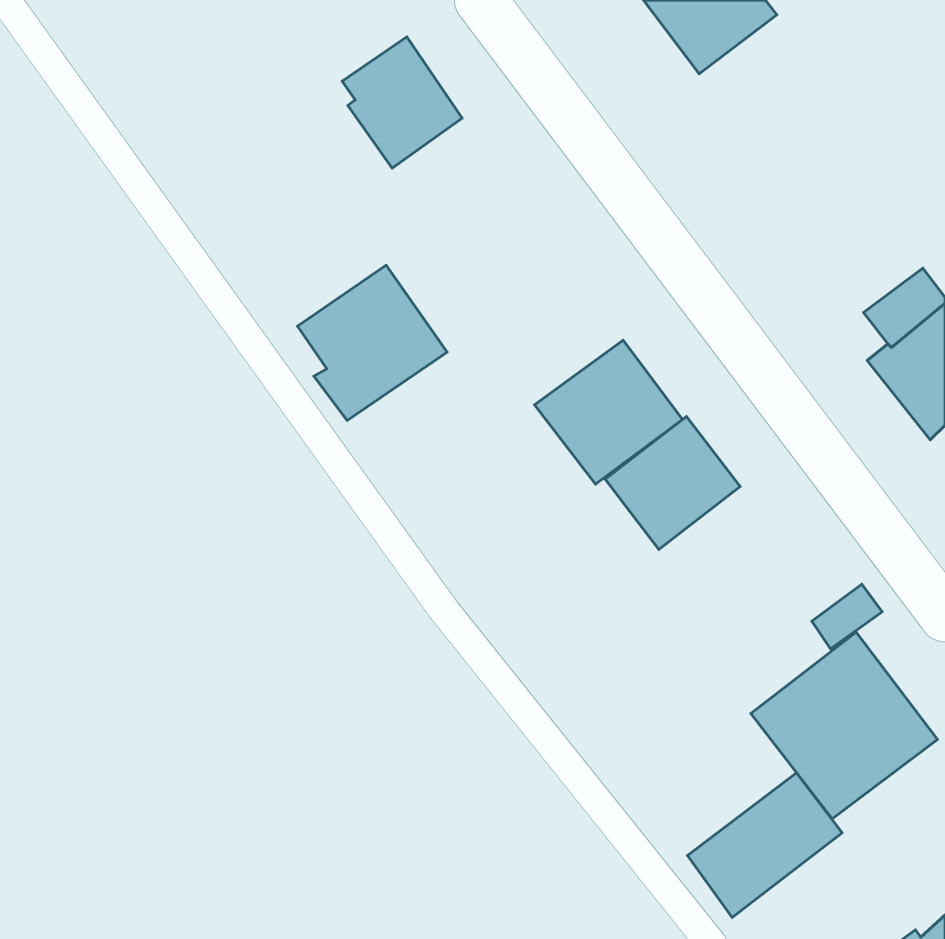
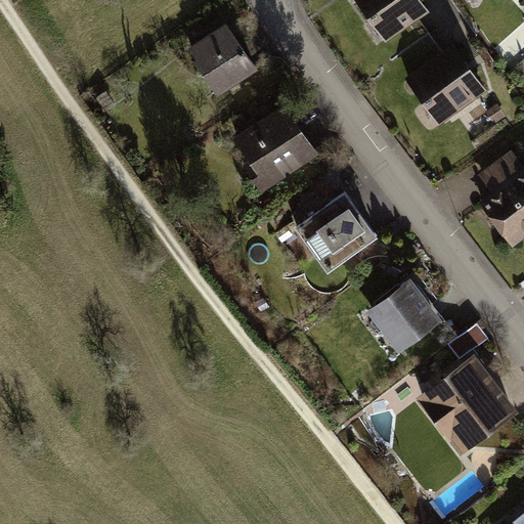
building: none -> [404,44,487,126]
building: [297,265,447,420] -> [234,105,317,191]
building: [605,416,740,549] -> [367,280,442,354]
building: [688,773,842,917] -> none

